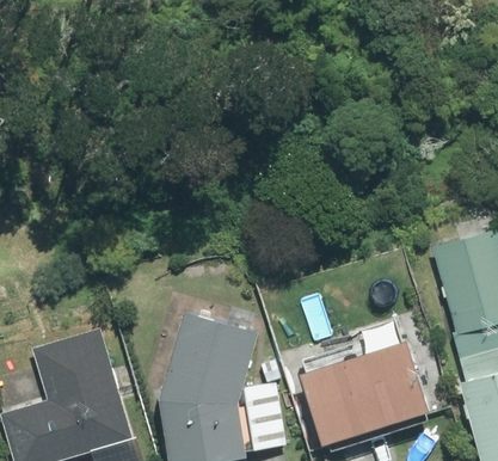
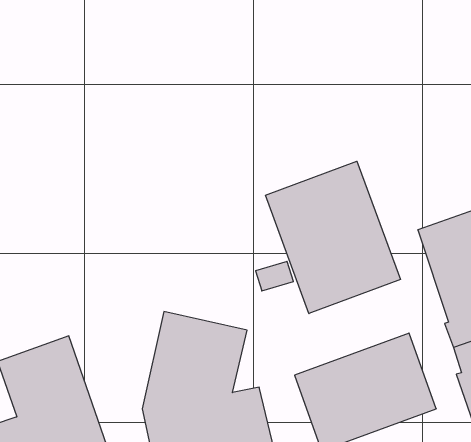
building: none -> [265,161,400,314]

